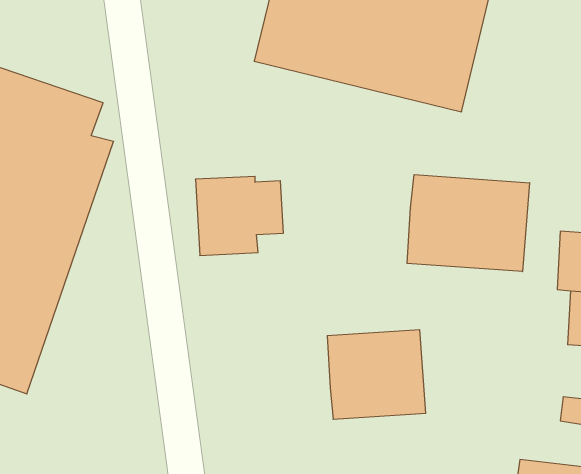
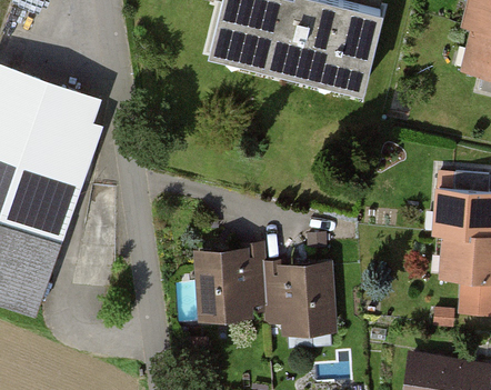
building: [407,175,530,272] -> none
building: [195,176,283,255] -> [199,261,264,320]

